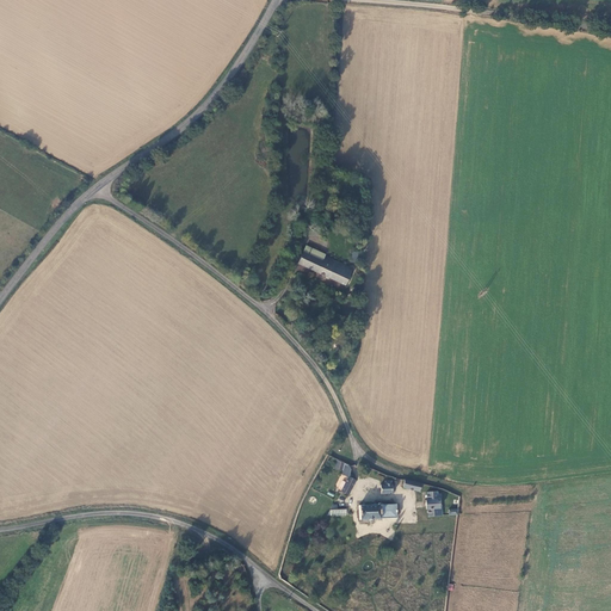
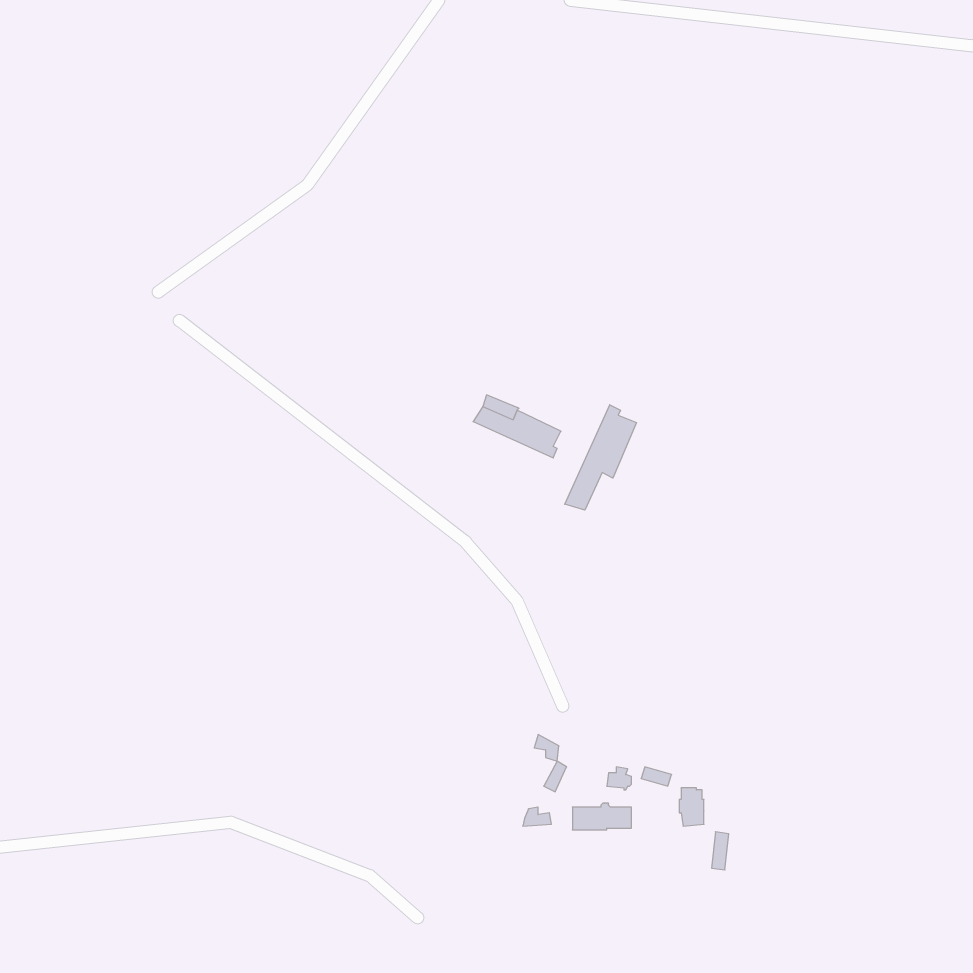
building: none -> [565,405,637,510]

